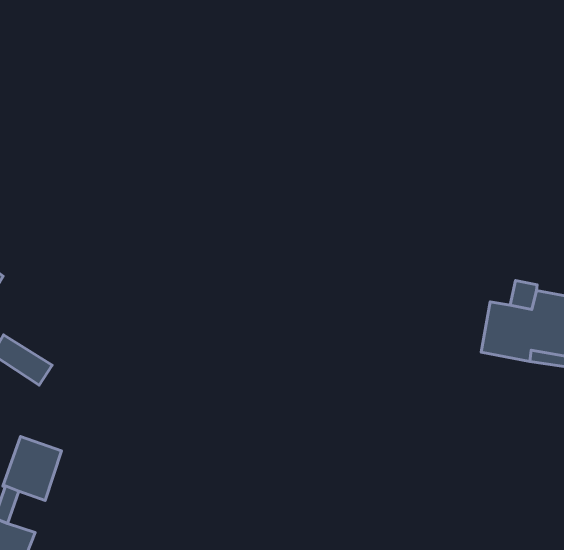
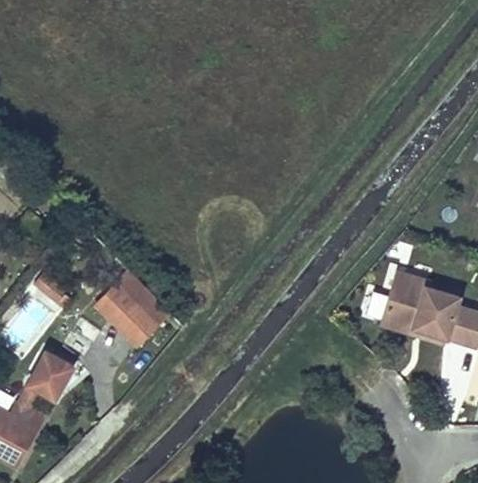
building: none -> [95,280,159,343]

